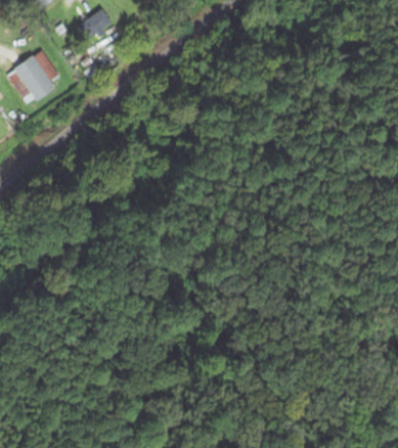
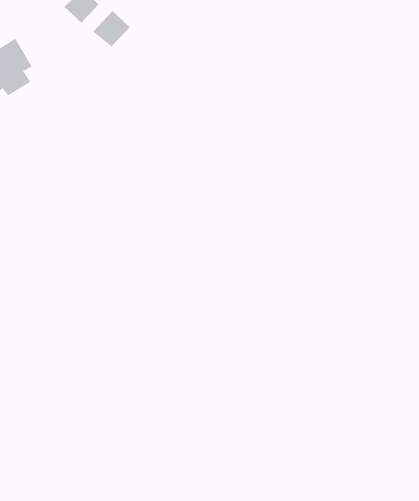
building: none -> [92,10,131,47]

